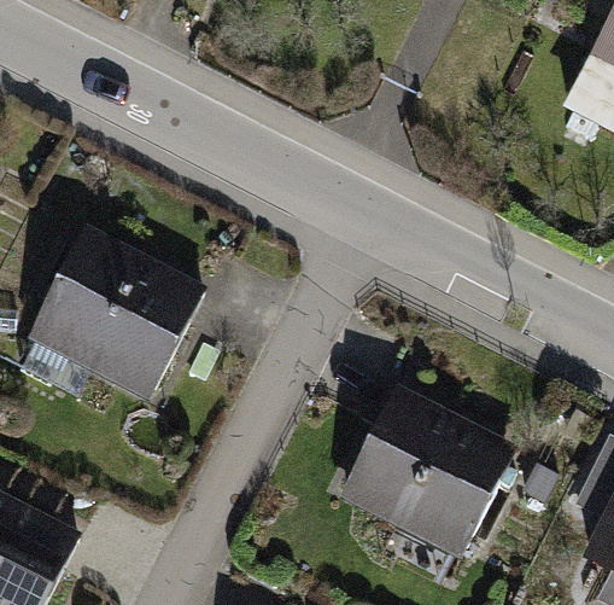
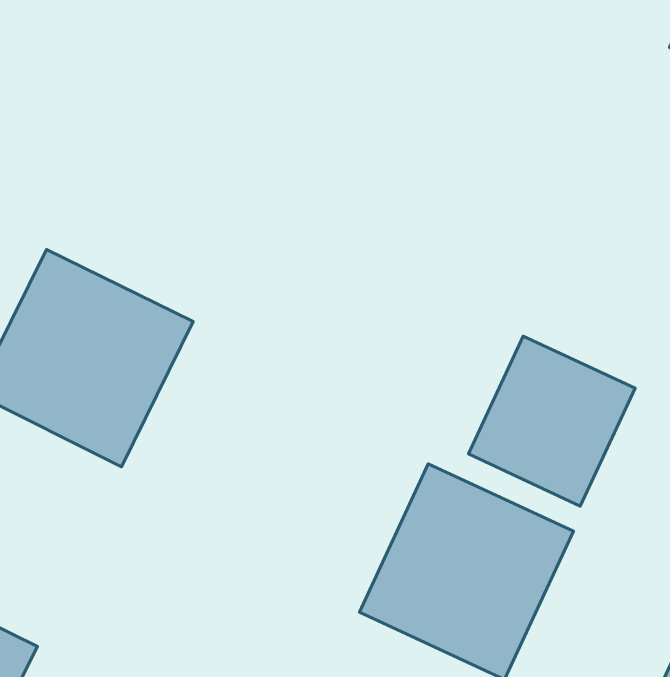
building: none -> [469,336,635,506]

